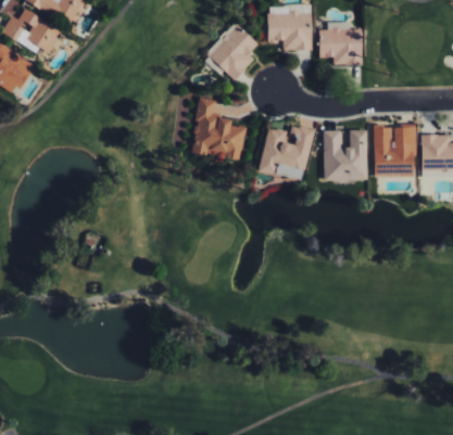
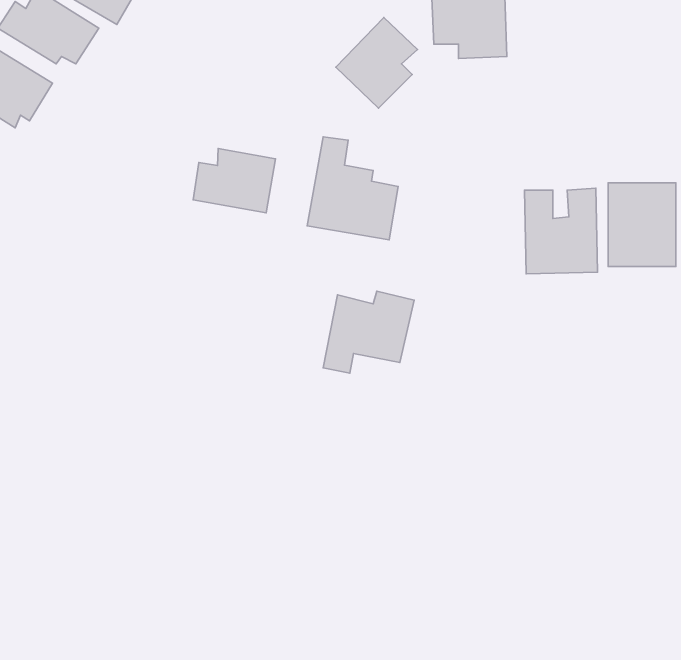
building: [318,22,362,64] -> none
building: none -> [193,148,275,213]
building: [259,125,314,175] -> [323,291,414,373]

